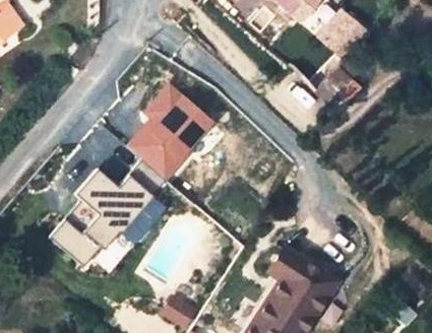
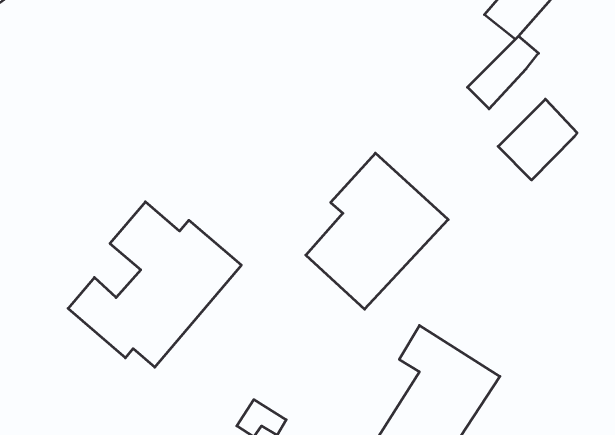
building: [128,76,222,179] -> [306,153,448,309]
building: none -> [498,99,577,180]

